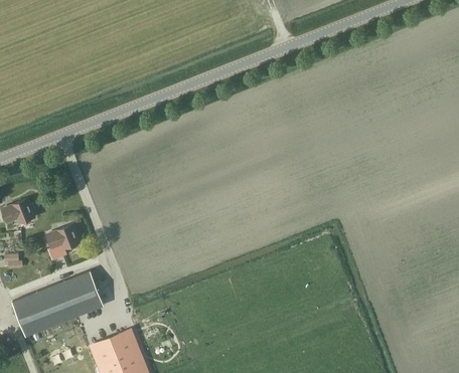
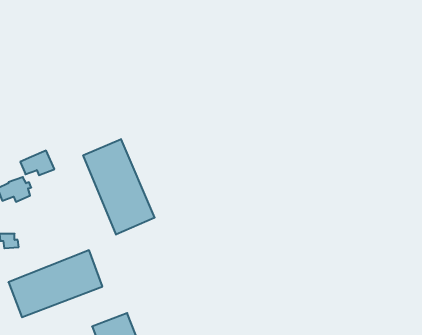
building: none -> [83,139,155,235]
building: [45,225,79,249] -> [20,151,54,175]

